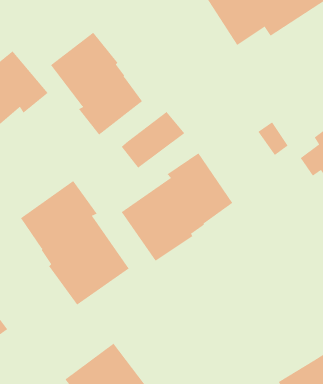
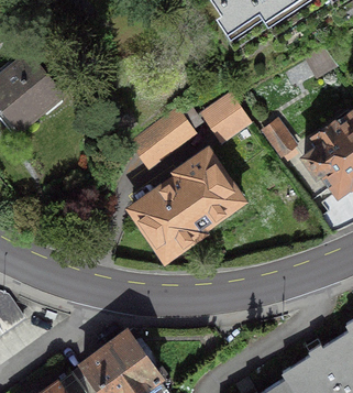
building: [50,32,143,135] -> none
building: none -> [201,94,247,140]
building: [20,180,130,305] -> none

